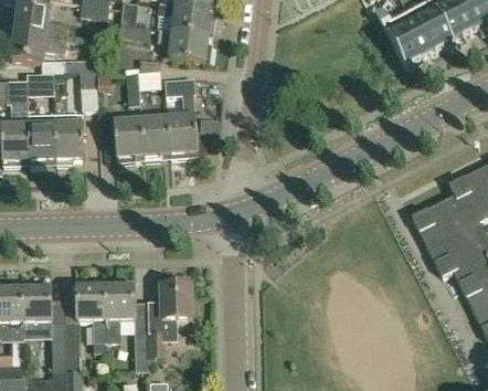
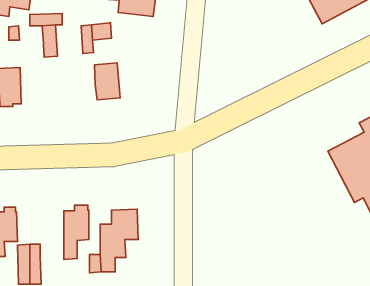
building: [163,74,197,158] -> none
building: [54,113,83,165] -> none
building: [114,116,144,162] -> none
building: [75,281,105,342] -> none

